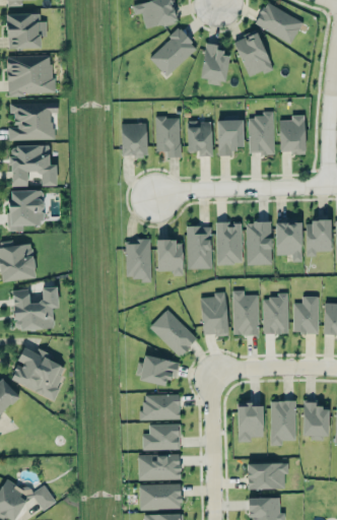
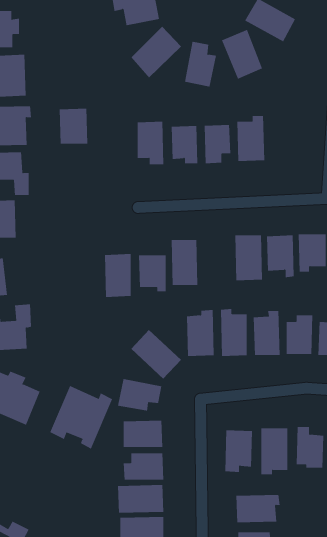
building: [279,116,305,153] -> none
building: [120,123,147,156] -> [59,108,88,144]
building: [216,222,242,264] -> none
building: none -> [50,385,113,449]

